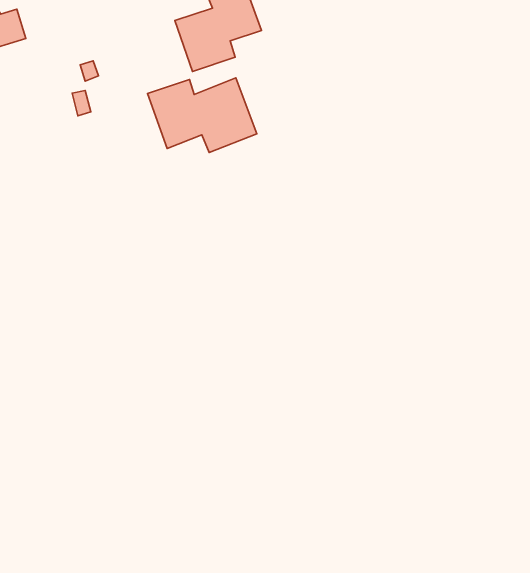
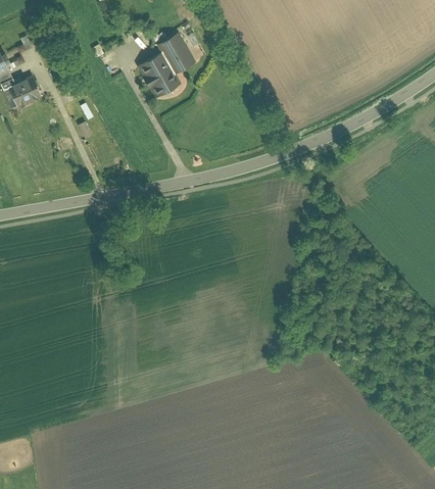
building: [147,78,257,152] -> none

